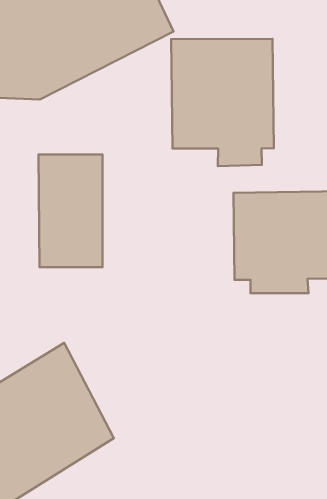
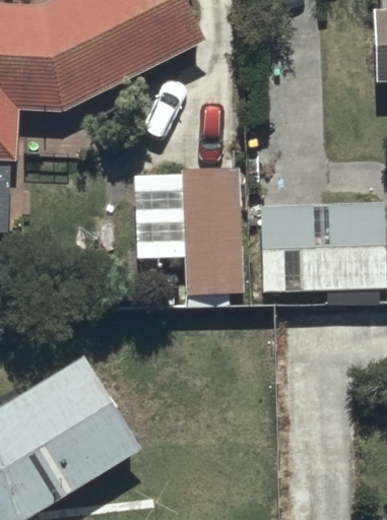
building: [171,39,274,166] -> none
building: [39,155,102,267] -> [184,183,248,296]

